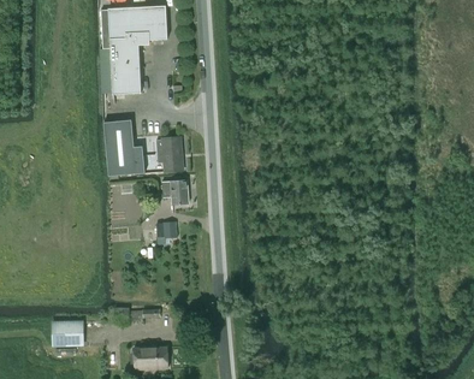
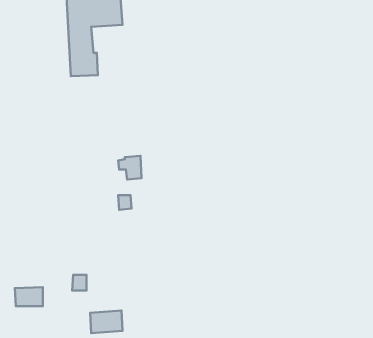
building: [103,119,144,176] -> none
building: [161,136,183,171] -> none

